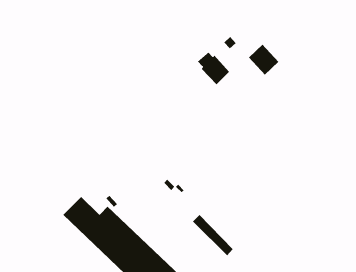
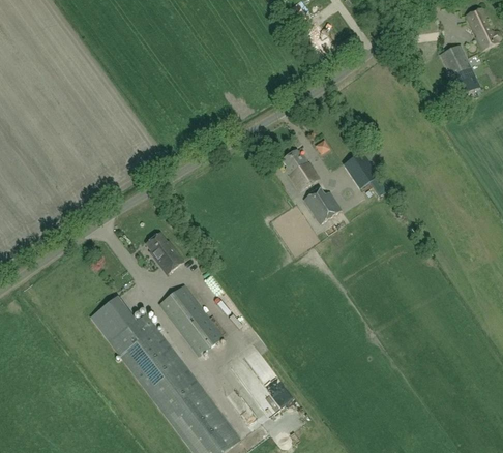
building: none -> [303,188,342,223]
building: none -> [146,234,183,274]
building: none -> [159,285,223,356]

